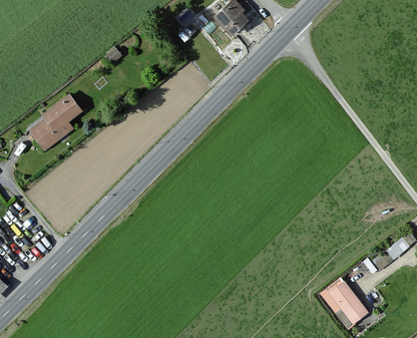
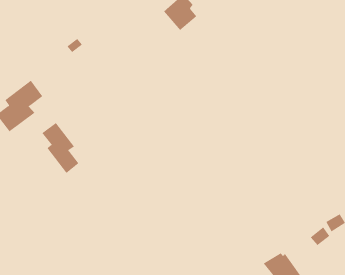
building: none -> [41,122,79,174]

